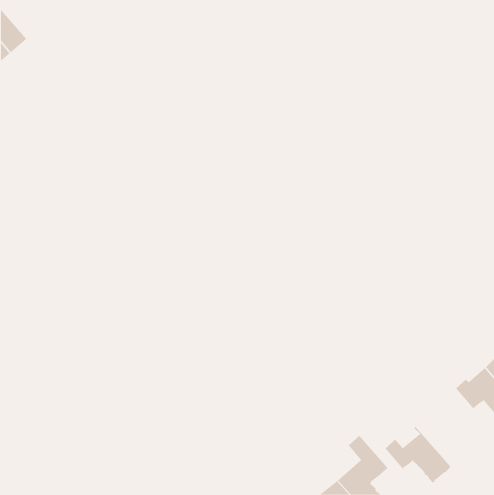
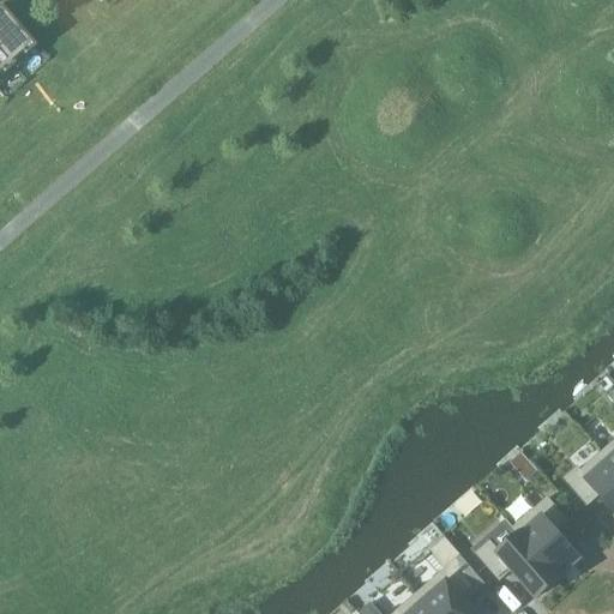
building: none -> [516,499,579,577]

